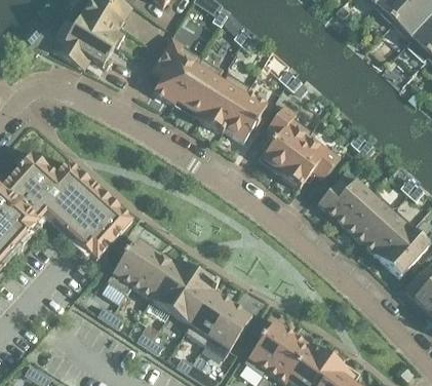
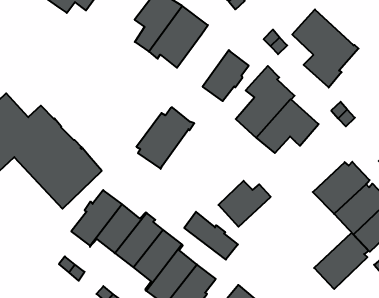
building: none -> [292,9,359,88]
building: [195,73,249,133] -> [136,108,194,169]
building: [316,179,366,224] -> [218,181,271,227]
building: none -> [184,212,238,260]
building: none -> [314,233,368,289]

